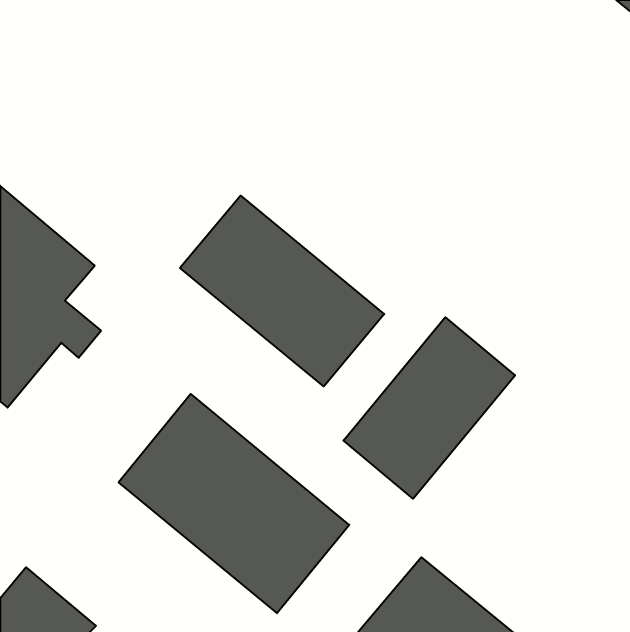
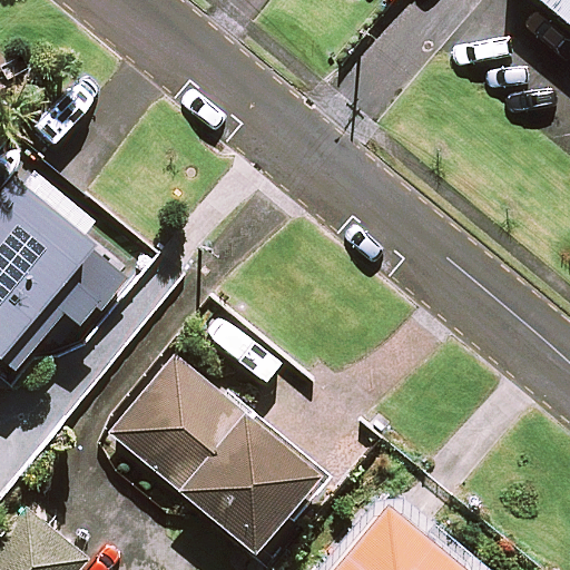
building: [180,196,384,386] -> none
building: [343,317,515,499] -> none

